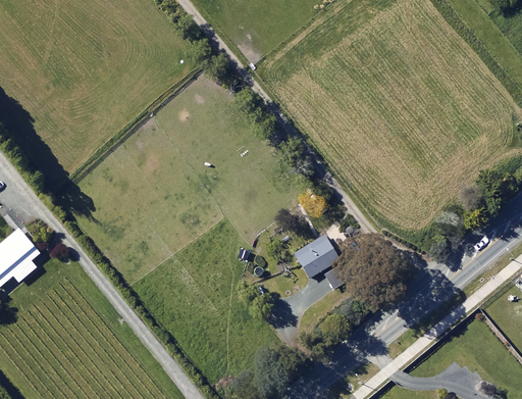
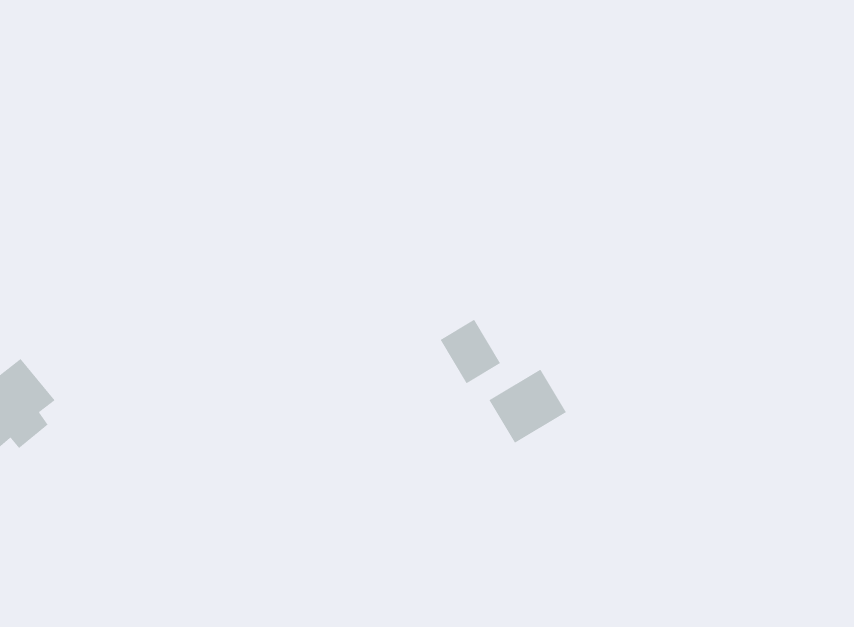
building: none -> [440,319,501,384]

